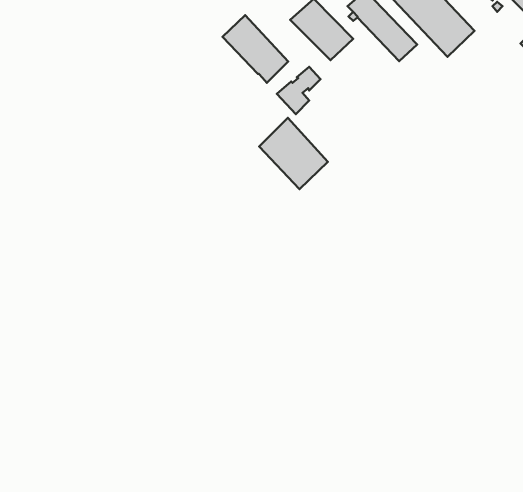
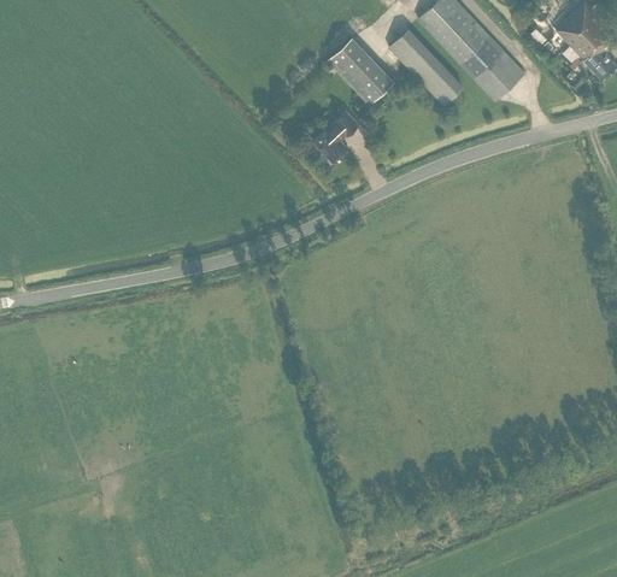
building: [223,15,288,83] -> none
building: [259,118,328,189] -> none

